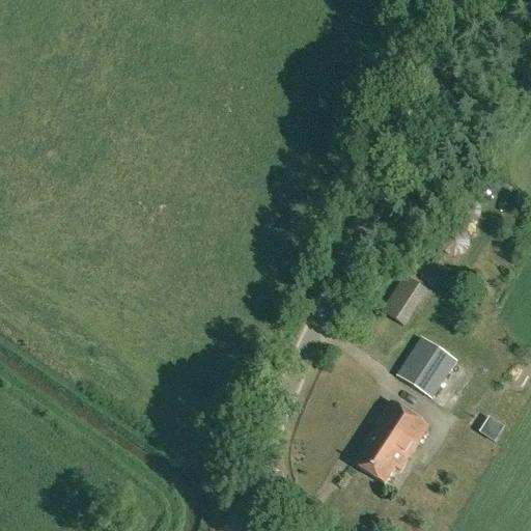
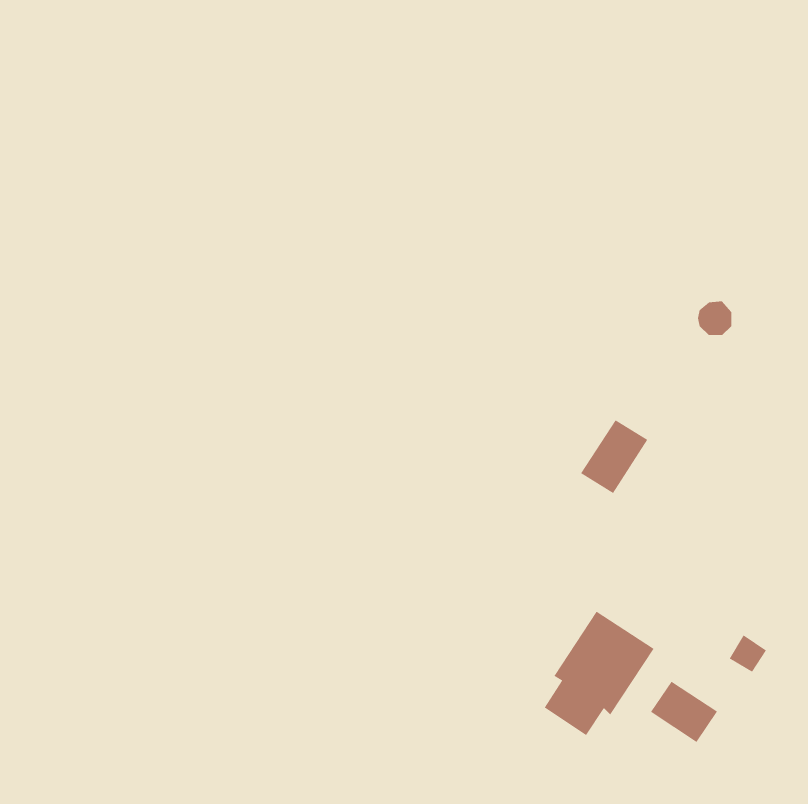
building: [397,336,457,397] -> none
building: none -> [650,681,718,743]

